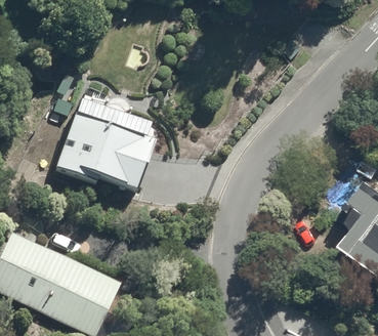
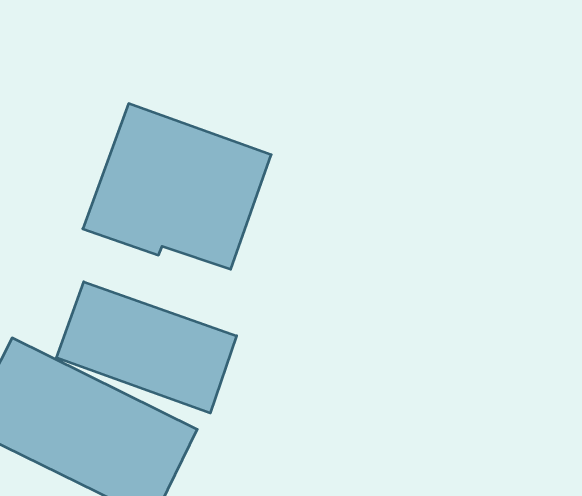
building: none -> [56,282,237,413]

